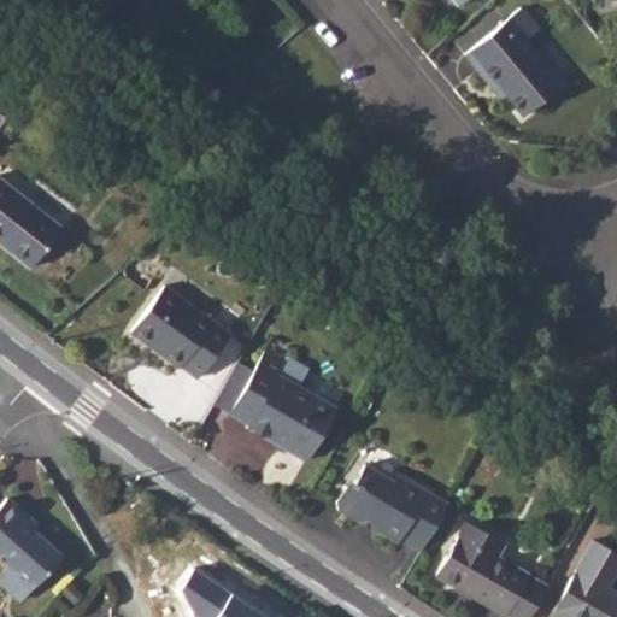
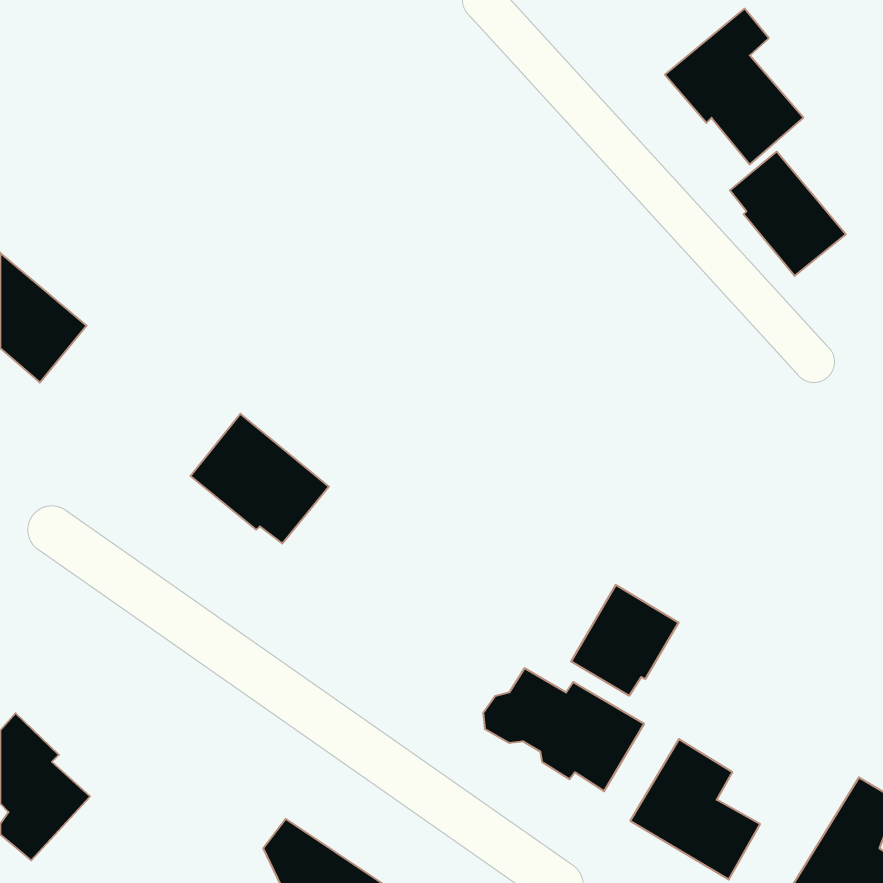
building: none -> [730,152,846,276]
building: [233,351,335,463] -> none
building: none -> [571,585,679,696]

